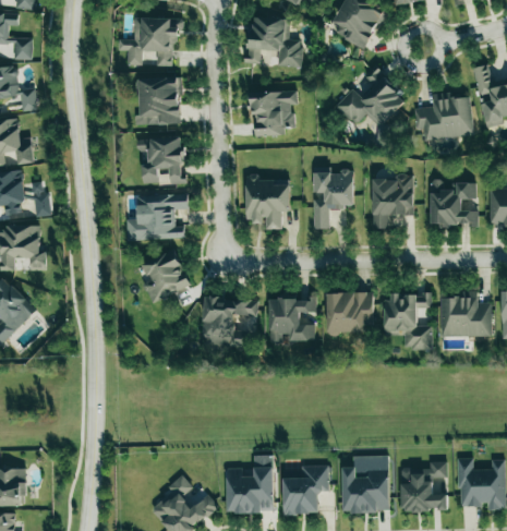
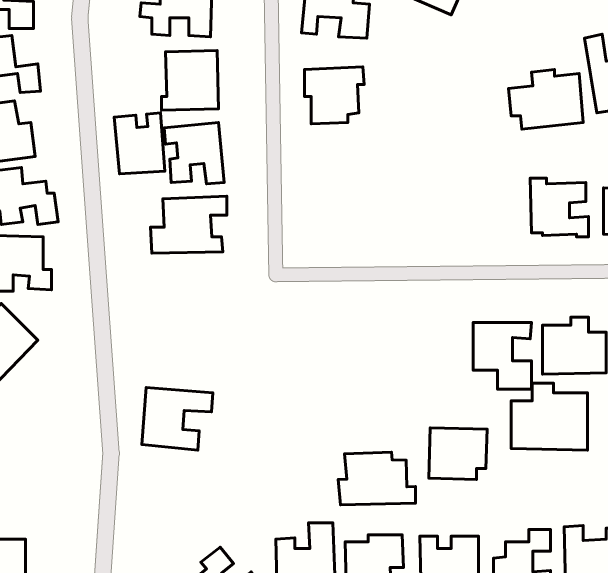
building: [336,70,408,126] -> none
building: none -> [114,113,165,174]
building: [313,171,354,229] -> none
building: [372,174,413,229] -> none
building: [246,176,290,230] -> none
building: [142,250,191,303] -> none
building: [327,292,374,334] -> [429,428,487,479]
building: [202,297,258,347] -> [142,387,213,450]
building: [269,299,317,345] -> none
building: none -> [511,383,587,450]
building: none -> [338,452,416,505]

